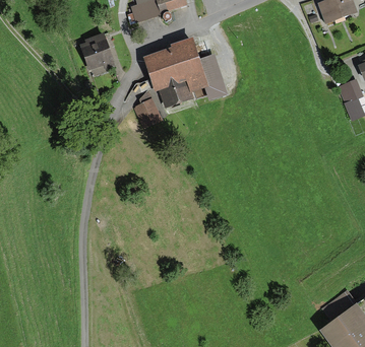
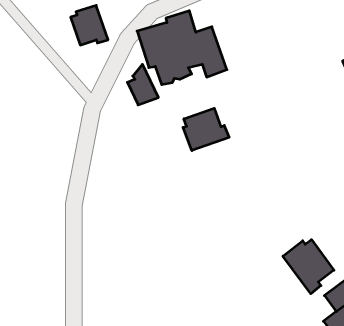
building: none -> [183,108,229,151]
building: none -> [283,240,334,294]

